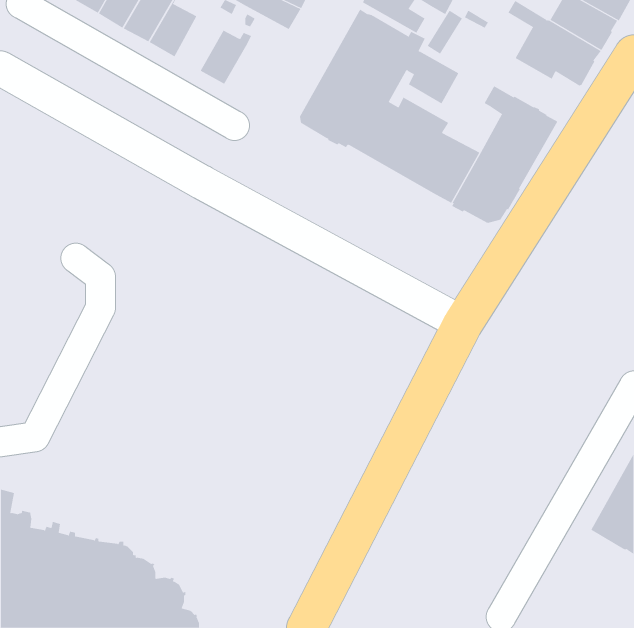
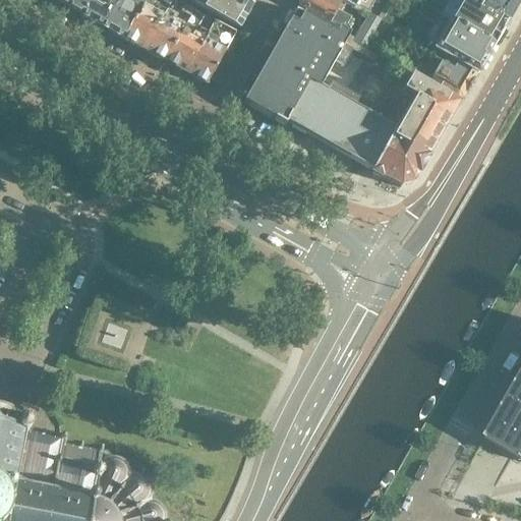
building: none -> [143,13,183,58]
building: none -> [184,17,235,81]
building: none -> [418,53,476,98]

